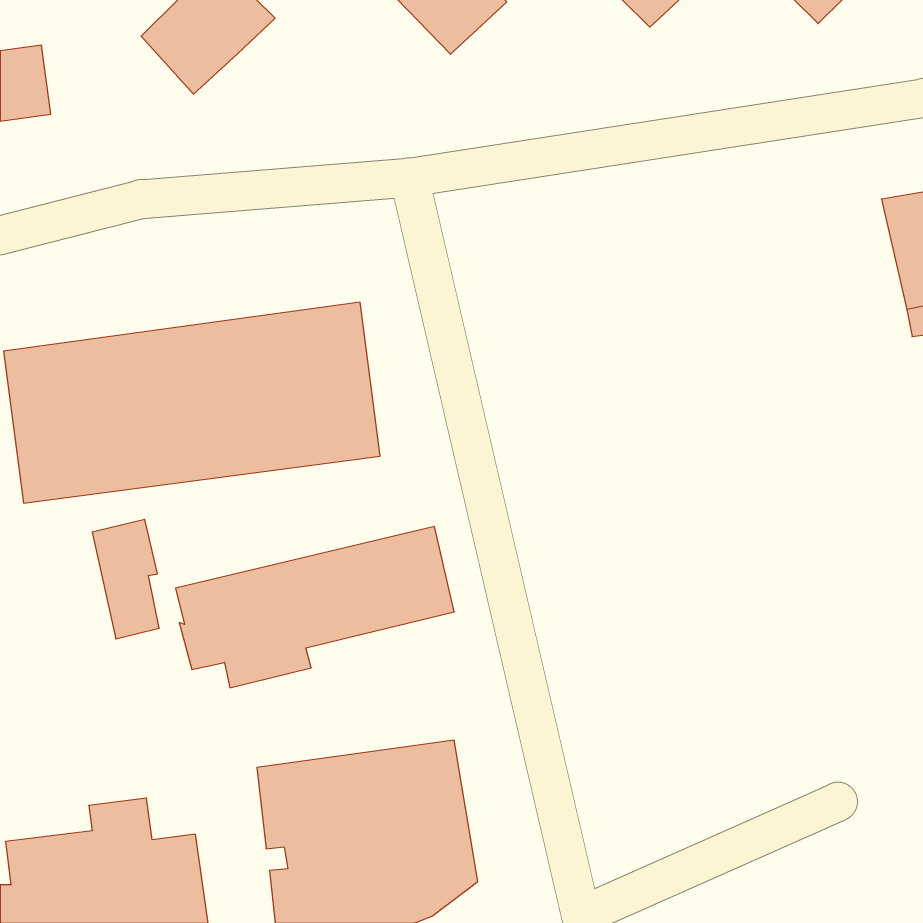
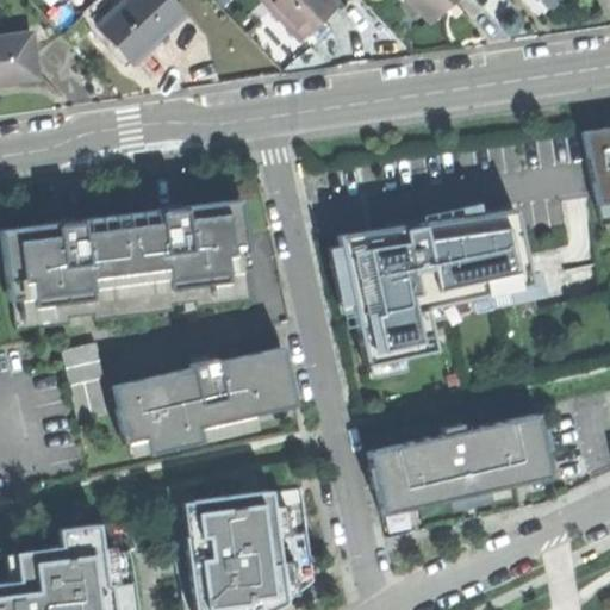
building: none -> [346,201,536,363]
building: none -> [366,412,552,515]

